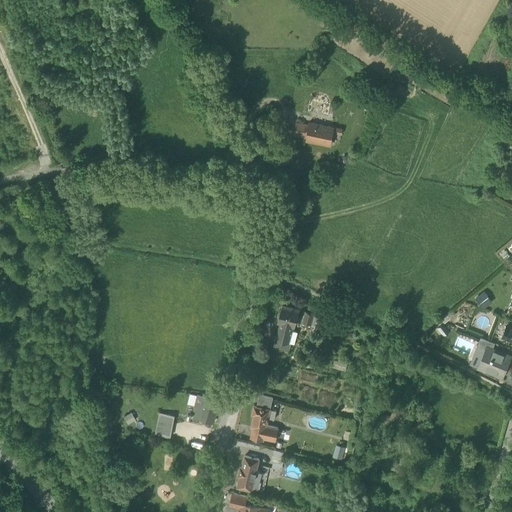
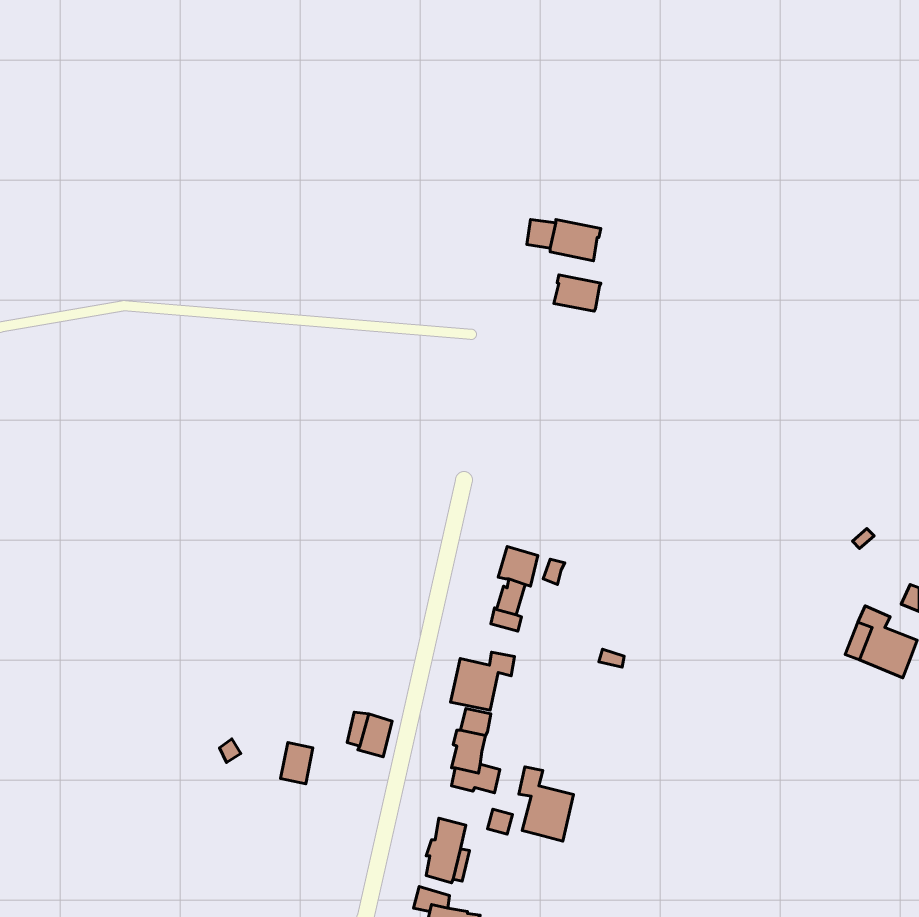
building: none -> [554,275,601,311]
building: none -> [450,652,515,710]
building: none -> [519,767,574,841]

